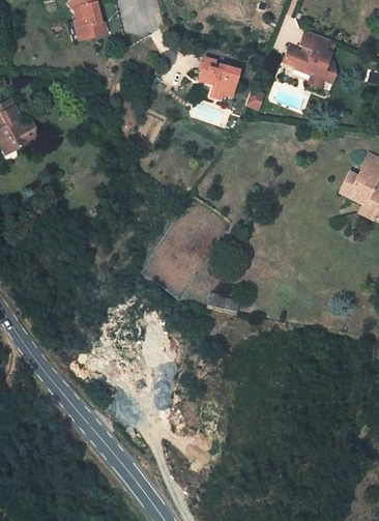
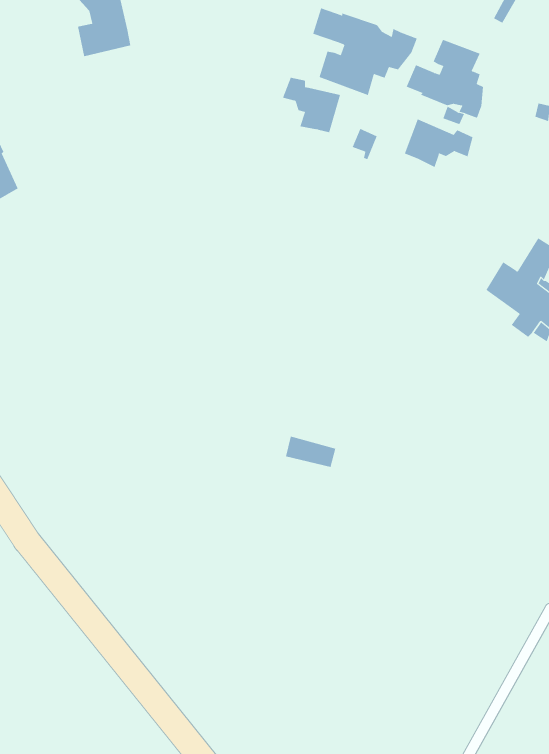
building: none -> [312,8,417,96]
building: none -> [404,119,473,168]

